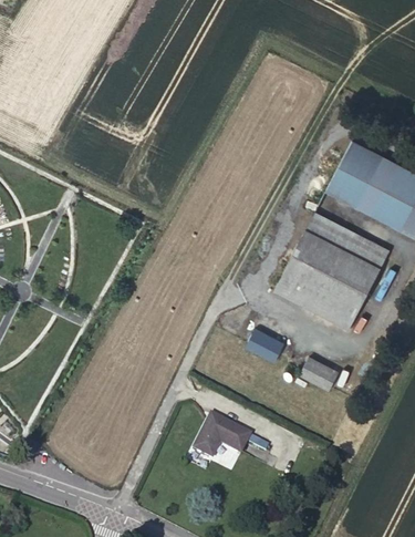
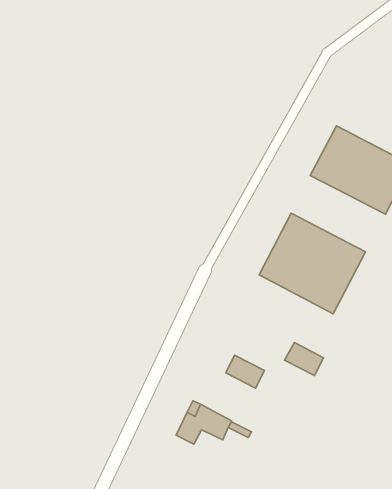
building: [307,213,390,267] -> none
building: [246,330,284,363] -> [226,355,265,388]

